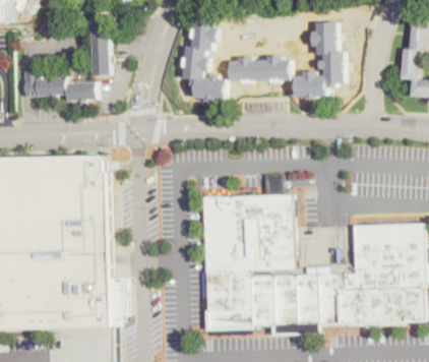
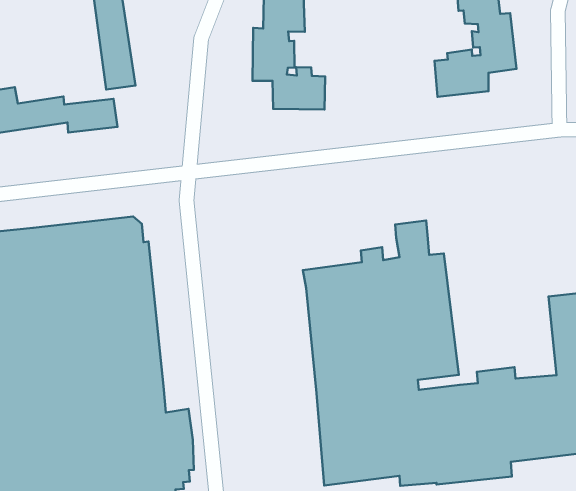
building: [229,56,292,80] -> none

